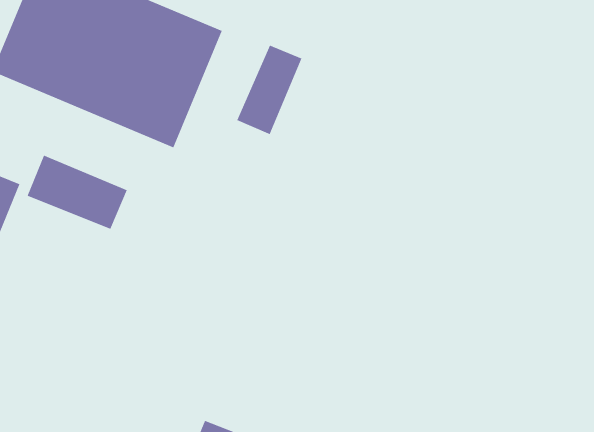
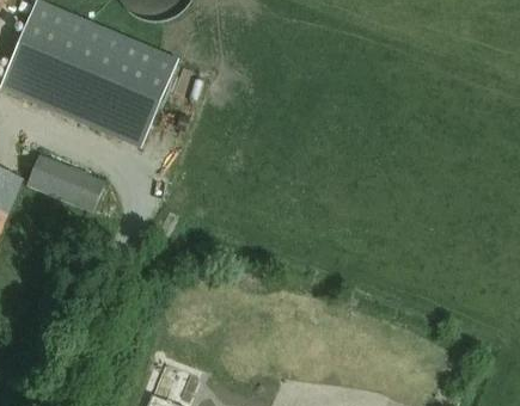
building: [236,44,303,135] -> none

